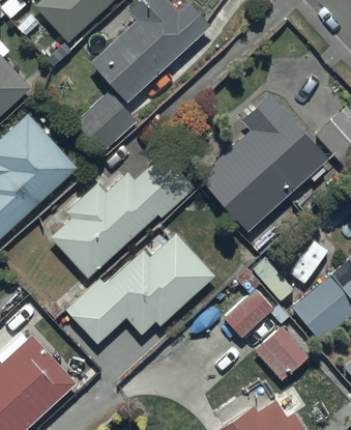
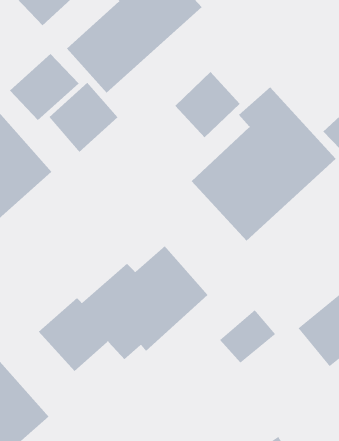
building: none -> [9,53,79,121]
building: none -> [174,71,241,138]
building: [51,154,195,280] -> none
building: [254,326,310,381] -> none

